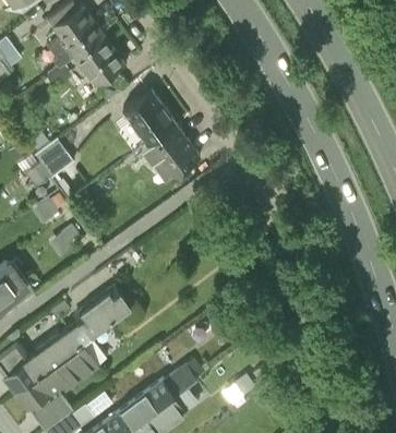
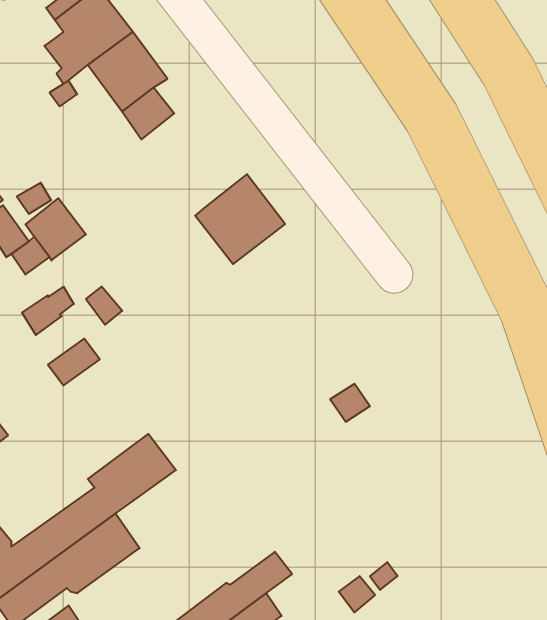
building: [122,88,175,143] -> none

